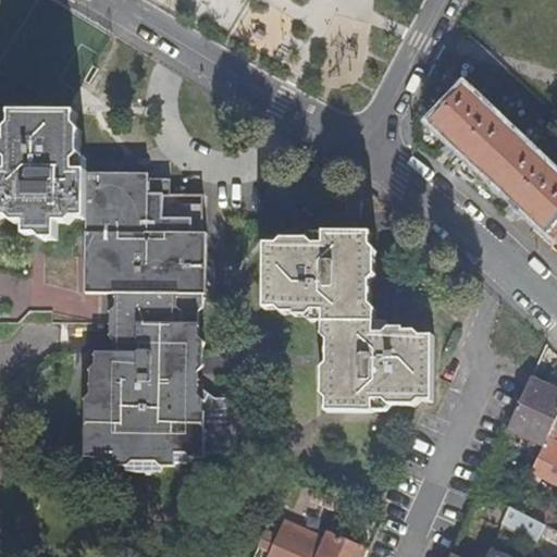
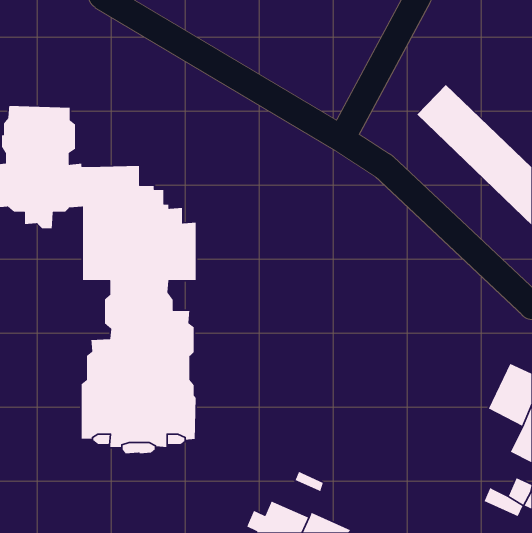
building: [262,228,431,408] -> none

